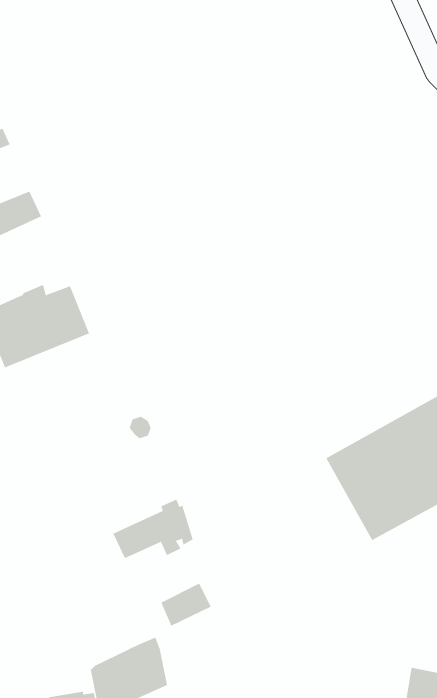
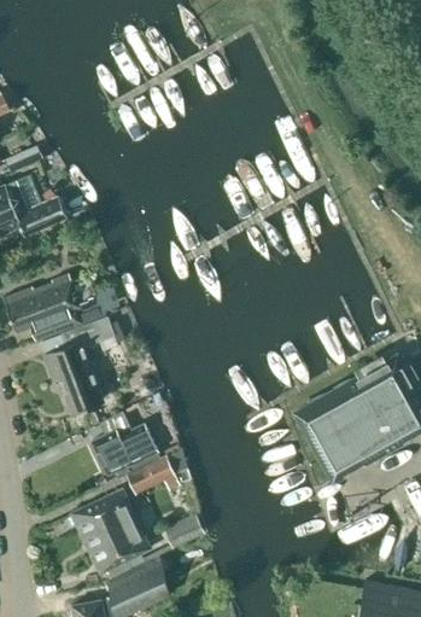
building: none -> [45,318,113,412]
building: none -> [92,412,158,477]
building: none -> [70,489,151,580]

